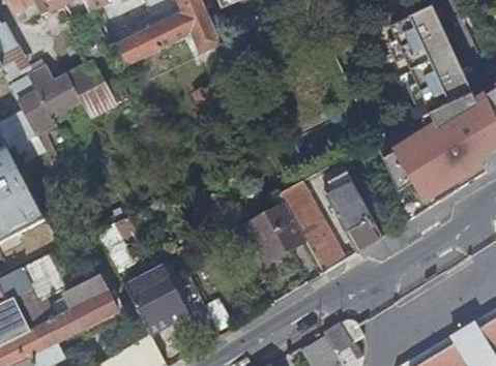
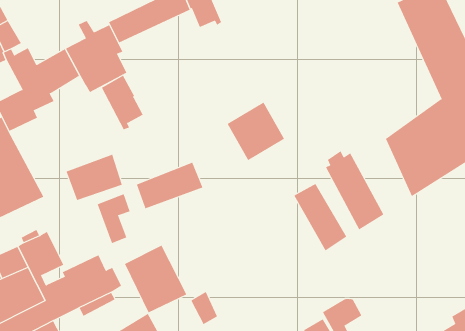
building: none -> [101,75,143,130]
building: none -> [66,154,123,201]
building: none -> [136,162,203,209]
building: [249,203,305,261] -> [227,102,285,161]

